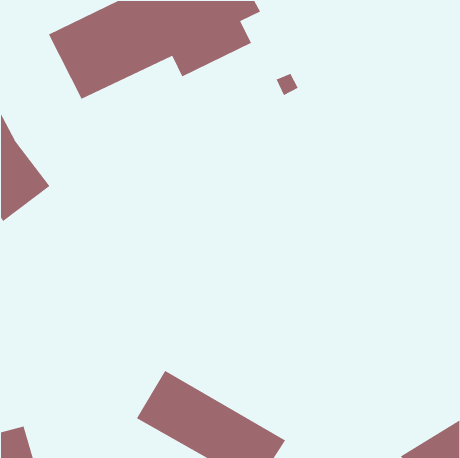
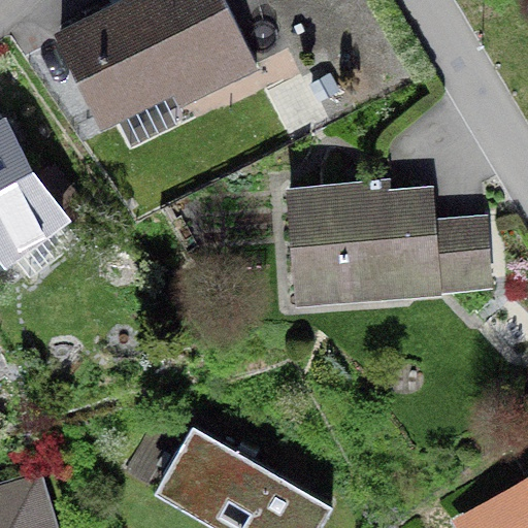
building: none -> [286,187,485,294]

